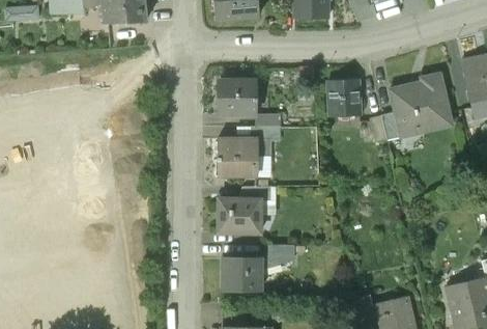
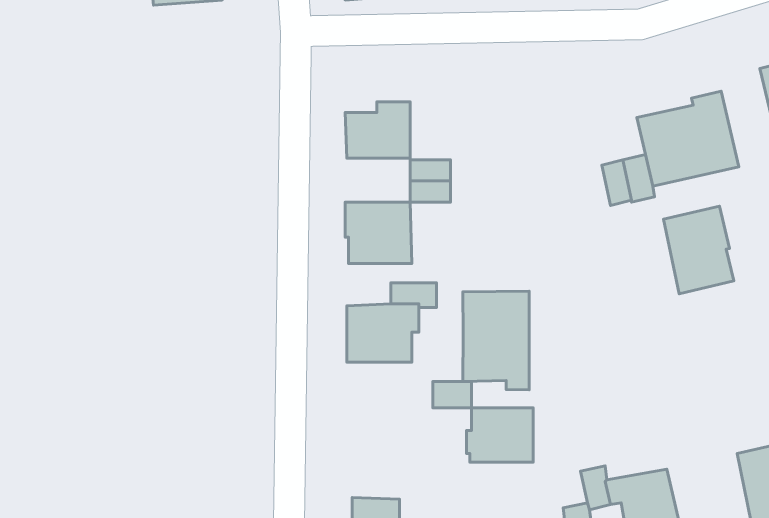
building: [328,80,360,117] -> none
building: none -> [663,206,734,294]
building: none -> [463,291,529,390]
building: [221,258,260,291] -> [466,408,533,462]

